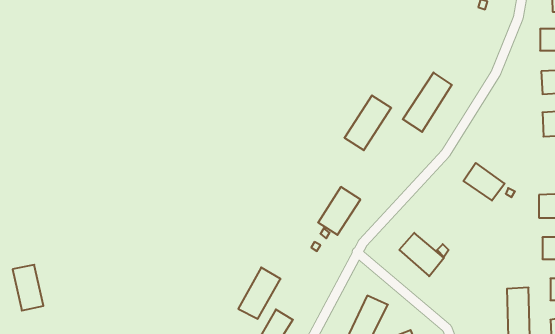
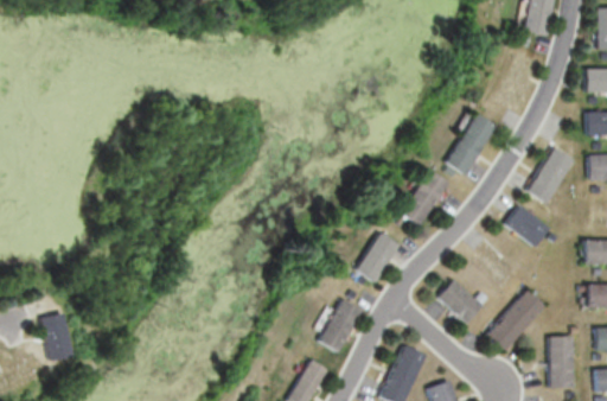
building: [344,95,391,150] -> [400,168,448,225]
building: none -> [525,145,575,202]
building: none -> [487,289,547,351]
building: [238,267,281,319] -> [319,298,363,351]

